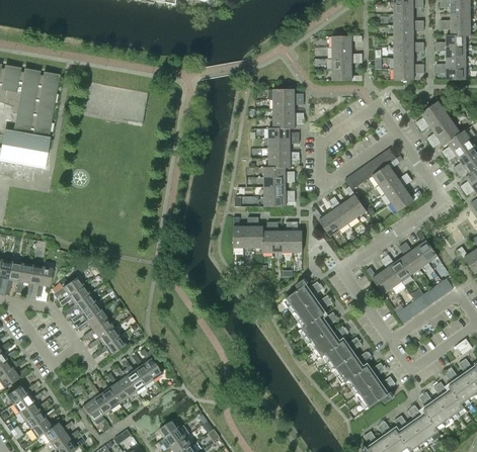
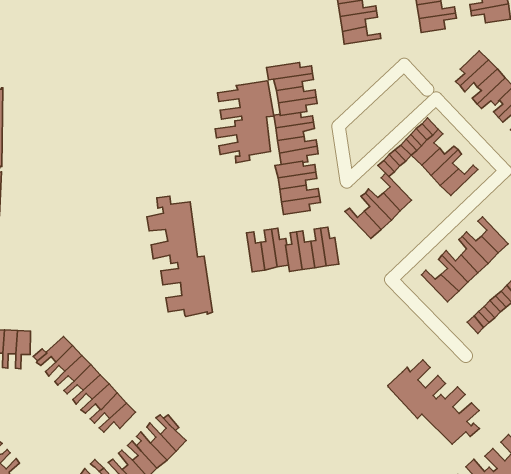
building: none -> [215,81,274,163]
building: none -> [147,196,213,316]
building: [287,279,347,356] -> none

